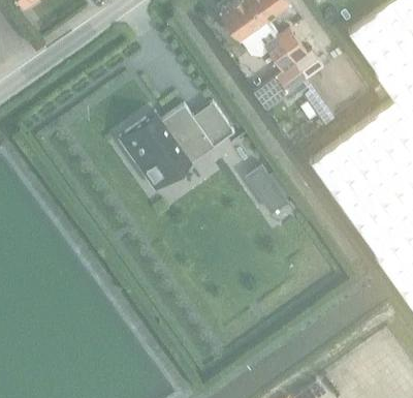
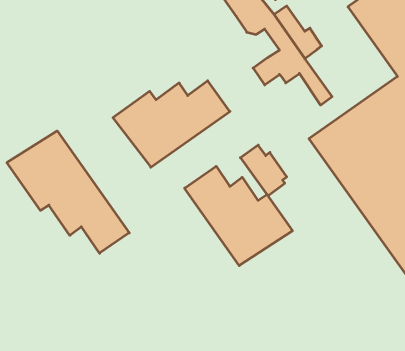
building: none -> [7,131,129,253]
building: none -> [185,166,292,266]

